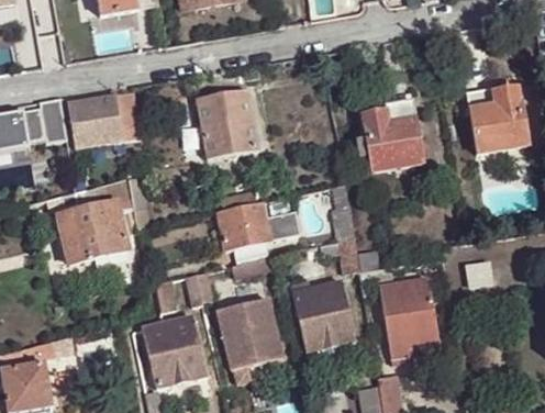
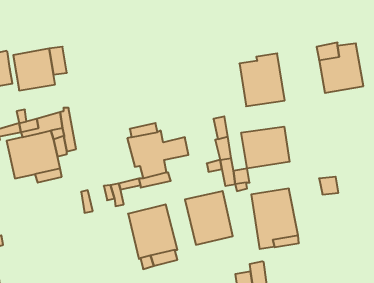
building: [197,88,258,158] -> none
building: none -> [241,127,290,169]
building: [142,314,207,388] -> none

